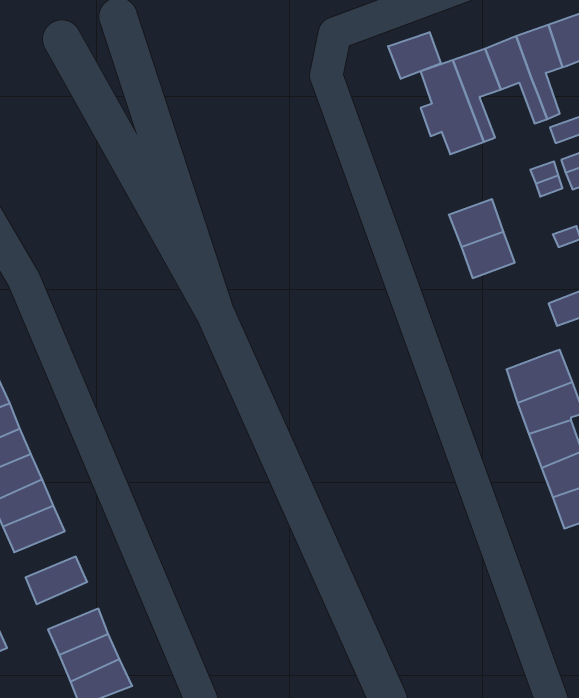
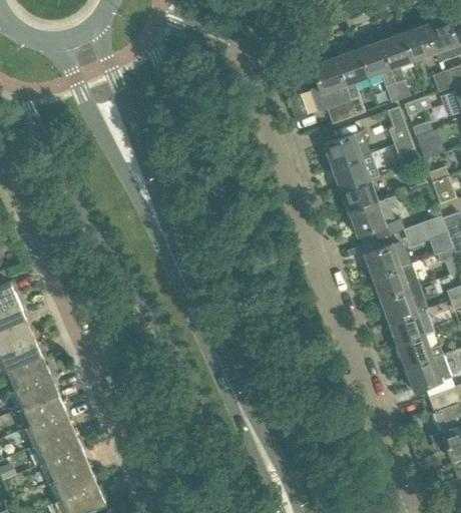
building: [388,32,441,79] -> none
building: none -> [323,130,371,167]
building: none -> [349,196,404,238]
building: none -> [363,243,402,278]
building: none -> [22,393,66,426]
building: none -> [38,429,82,463]

